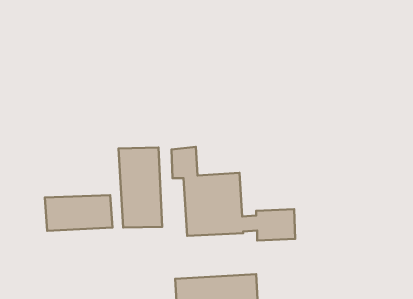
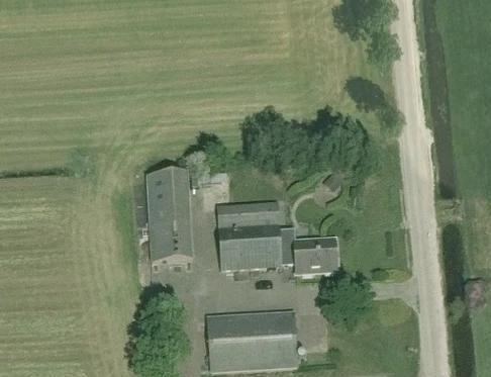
building: [45,195,112,231] -> none

